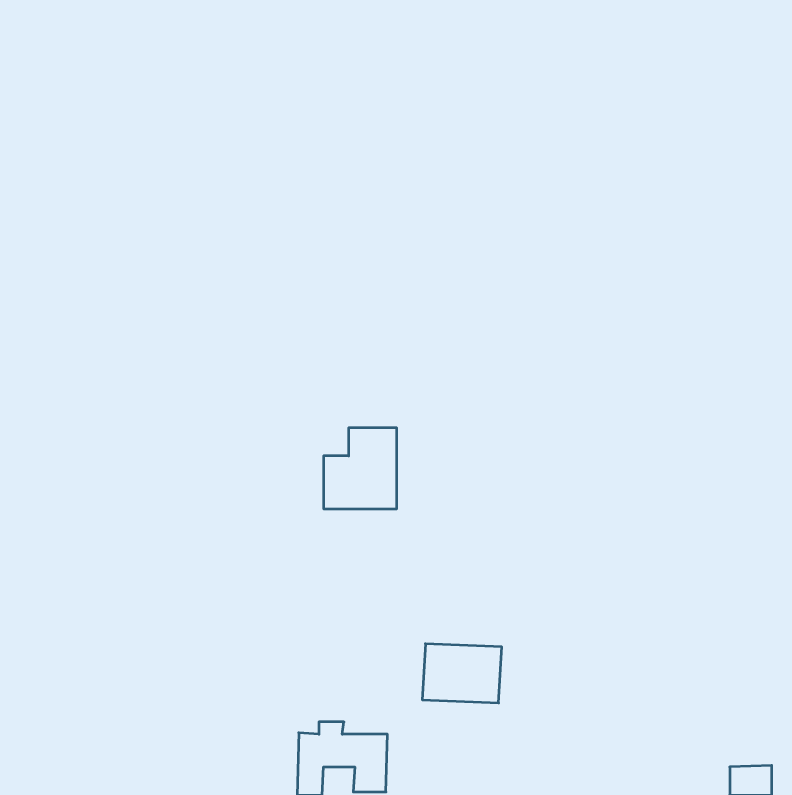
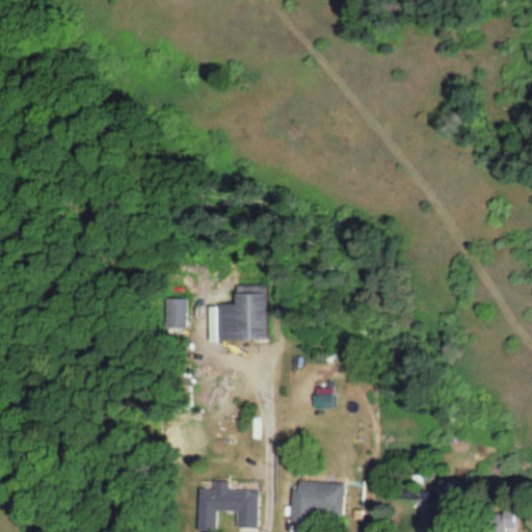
building: none -> [165,299,185,328]
building: [422,644,502,703] -> [291,482,344,522]

